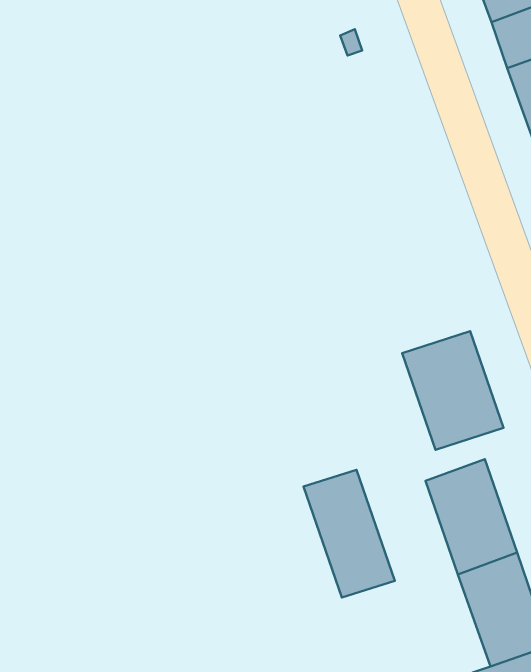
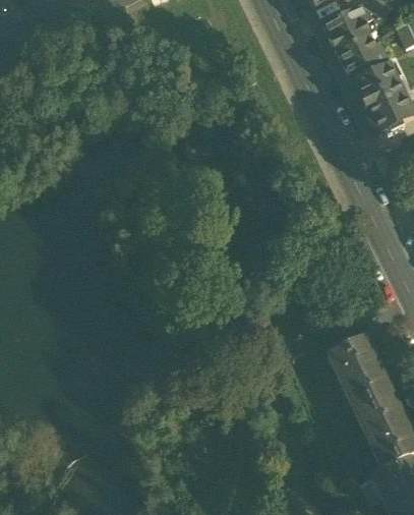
building: [402,331,503,450] -> none
building: [304,470,395,597] -> none

